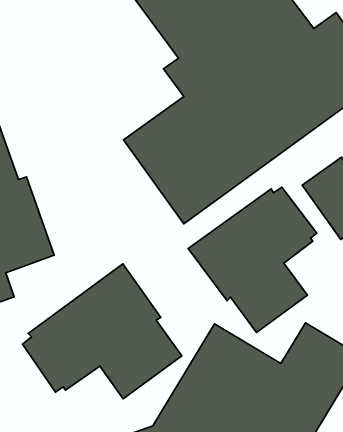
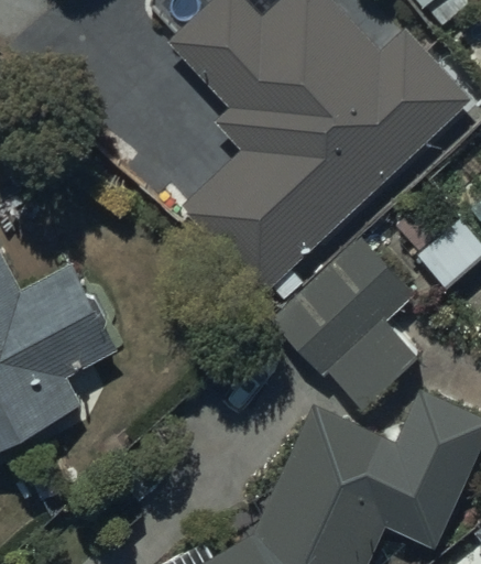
building: [22,264,182,399] -> none

